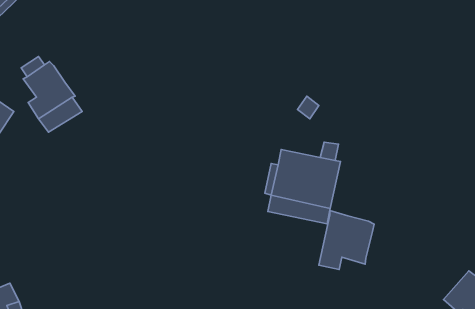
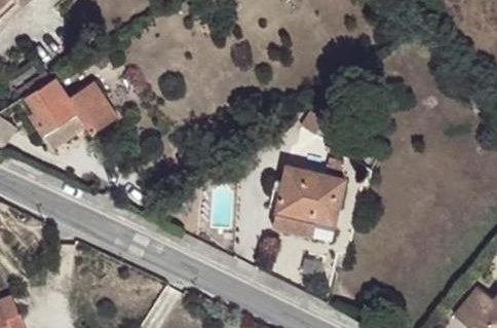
building: none -> [68,81,115,134]
building: [319,211,374,270] -> none

